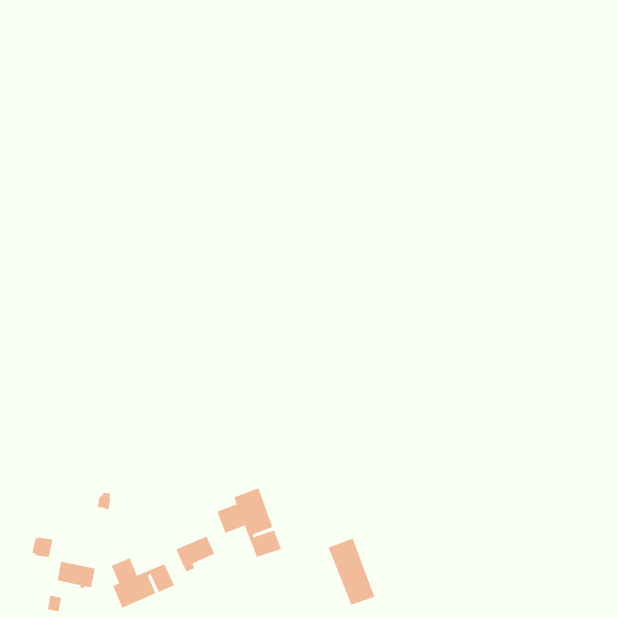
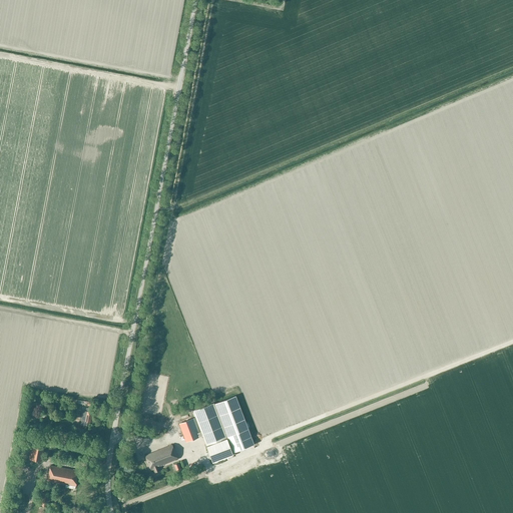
building: [328,538,375,605] -> [214,396,253,452]
building: [111,558,175,609] -> none

